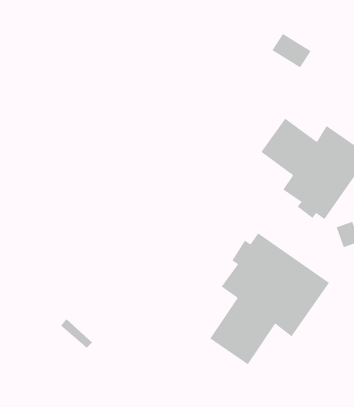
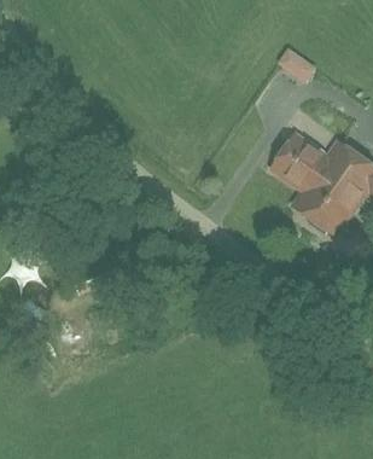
building: [209,233,330,365] -> none

